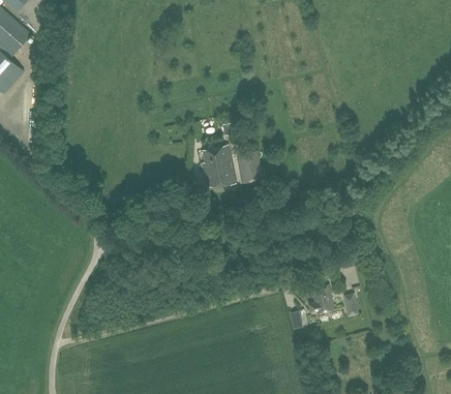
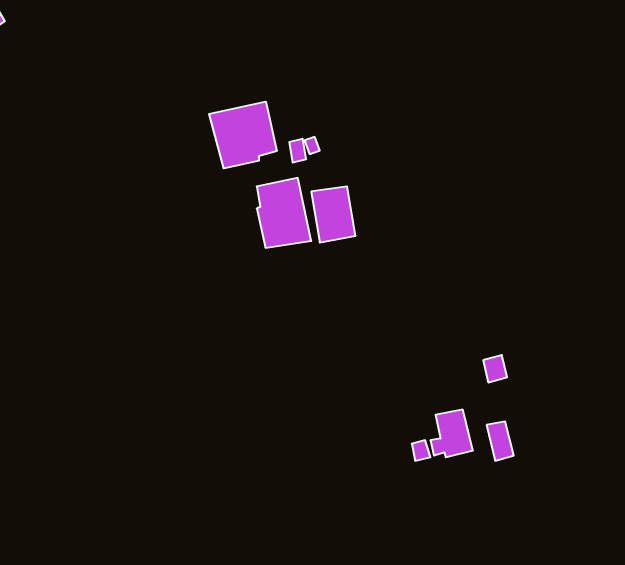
building: none -> [209,102,277,168]

